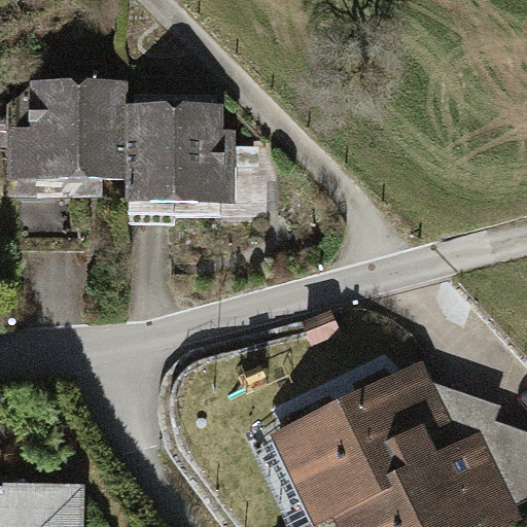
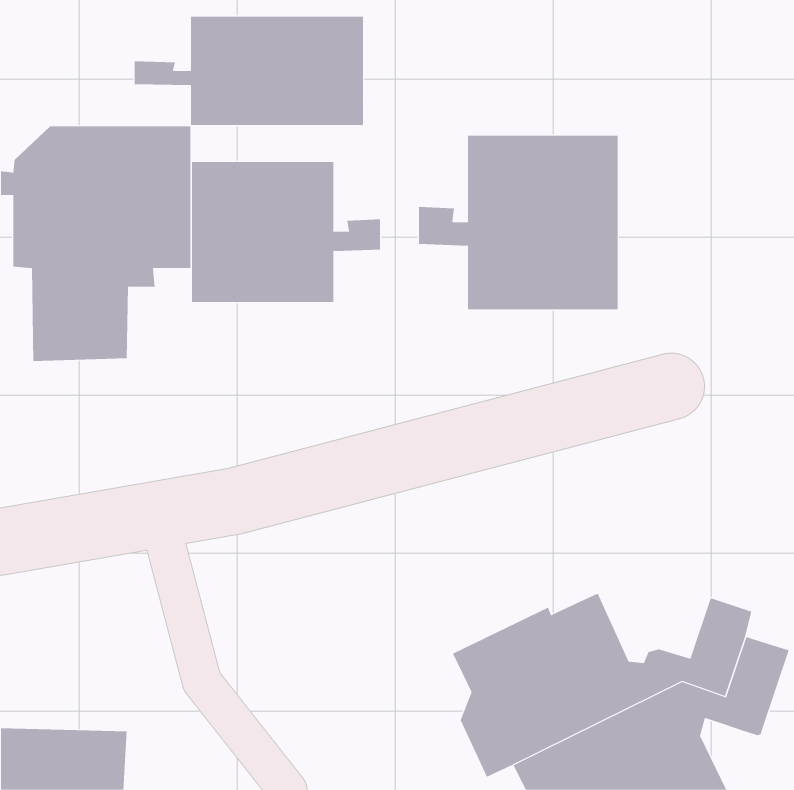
building: none -> [134,16,363,126]
building: none -> [419,135,618,310]

